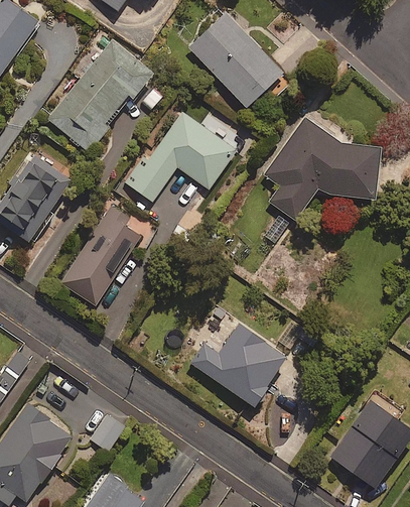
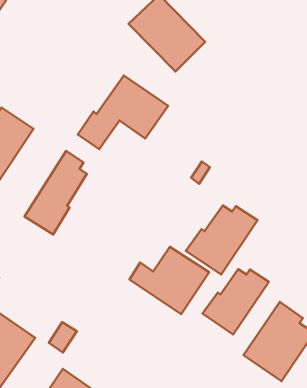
building: [48,40,151,151] -> none
building: [264,115,381,221] -> none
building: none -> [186,205,258,275]
building: none -> [203,269,269,334]

